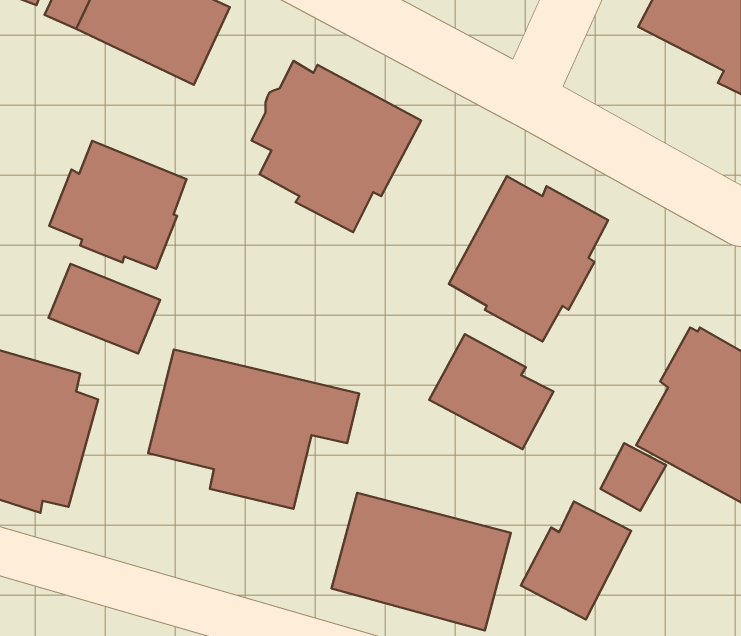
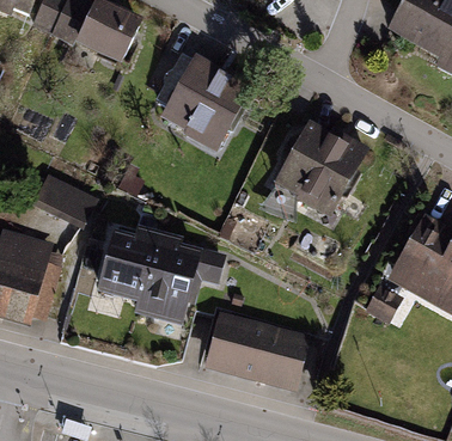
building: [49,141,187,269] -> none
building: [429,334,553,449] -> none
building: [521,501,631,620] -> none

